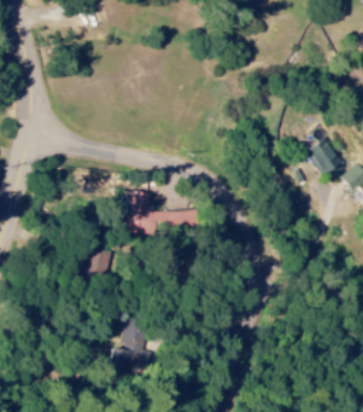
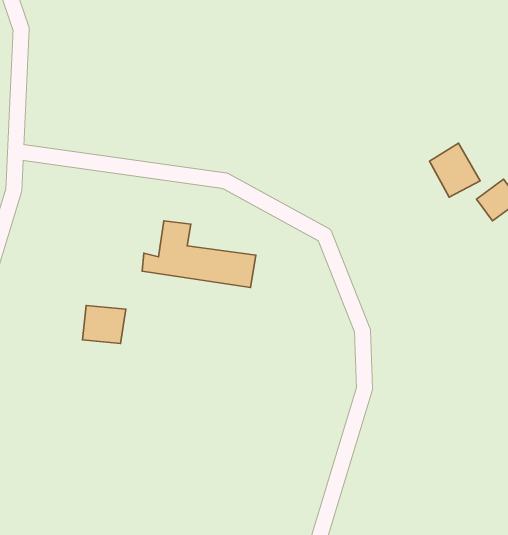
building: [122,315,144,352] -> none

